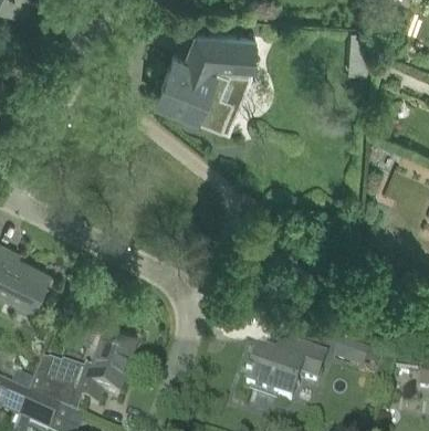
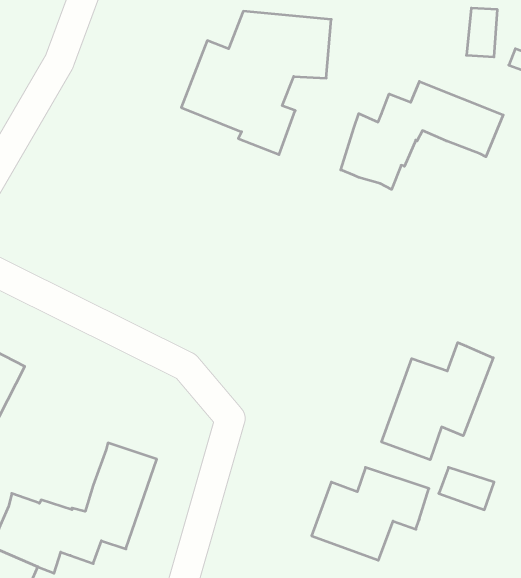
building: none -> [341,81,503,189]
building: none -> [382,343,493,460]

